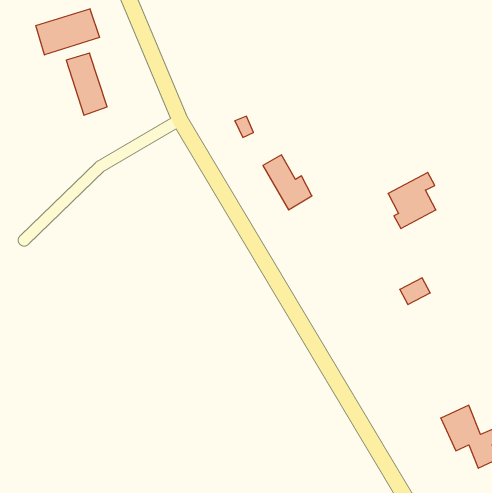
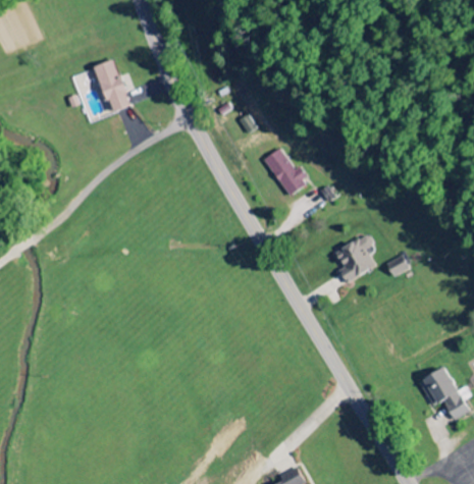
building: [36,9,99,55] -> none
building: [388,172,436,229] -> [333,233,375,282]

